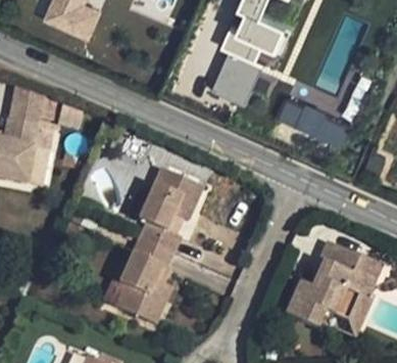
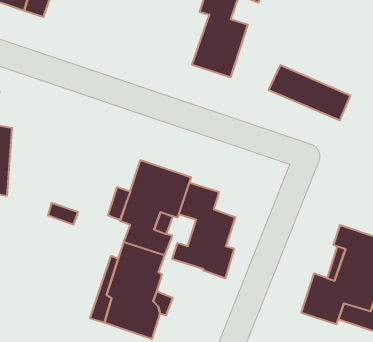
building: none -> [172,182,235,278]

